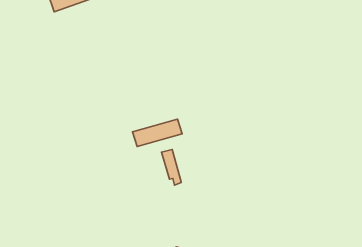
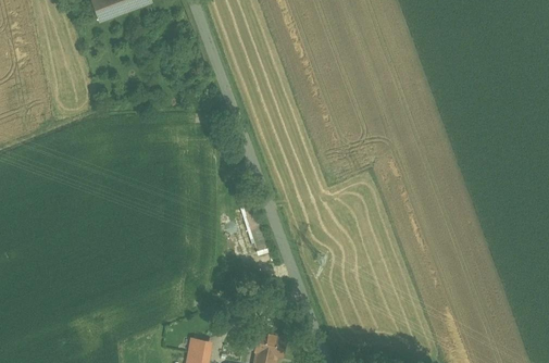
building: [133,119,182,146] -> none

